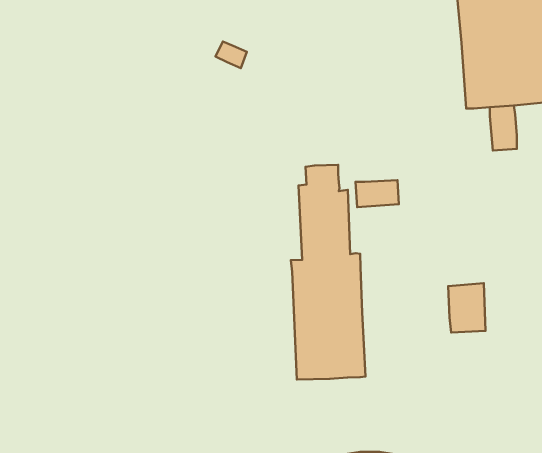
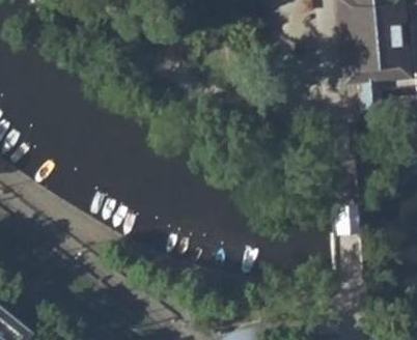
building: [291,165,366,379] -> none

